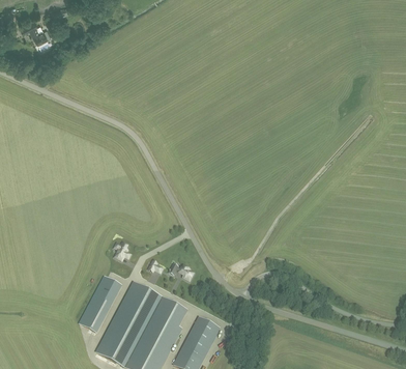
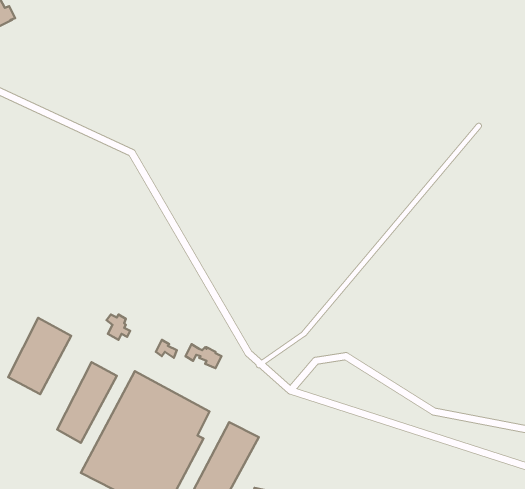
building: none -> [8,318,71,394]

